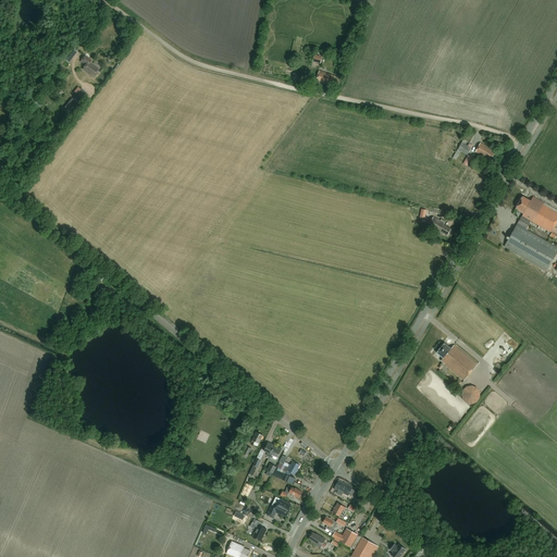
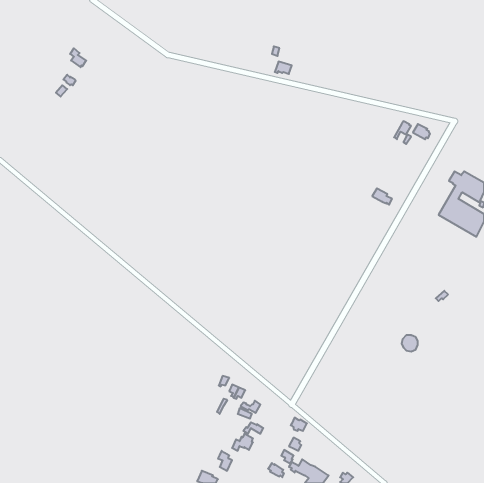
building: [437,344,478,381] -> none

